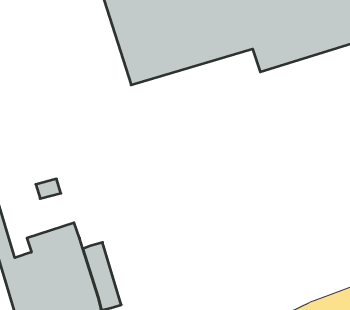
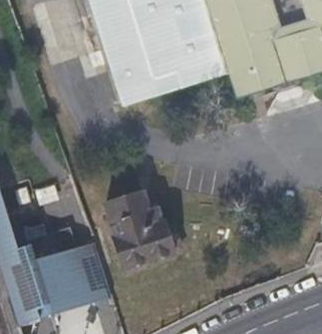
building: none -> [105,193,183,270]

